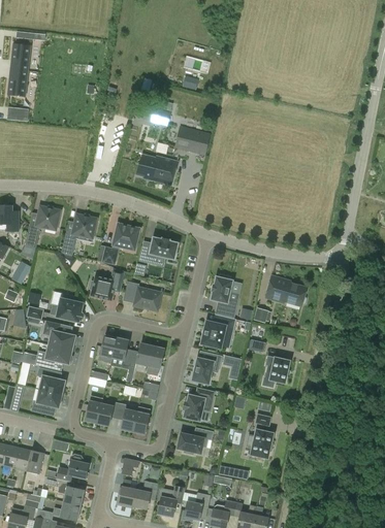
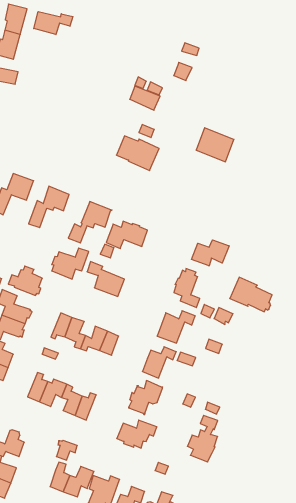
building: none -> [34,12,73,35]
building: [173,125,208,155] -> [196,128,234,162]
building: none -> [192,240,229,266]
building: [261,356,289,387] -> none

